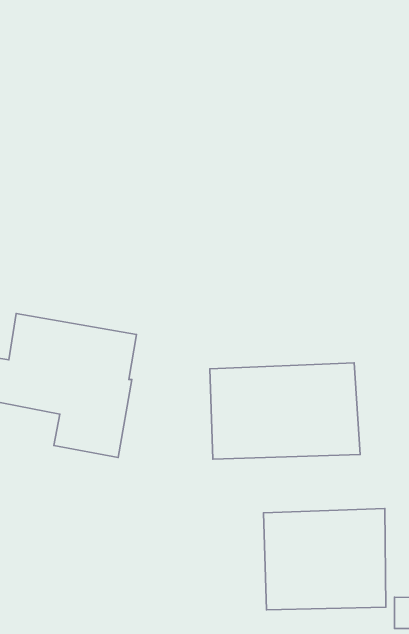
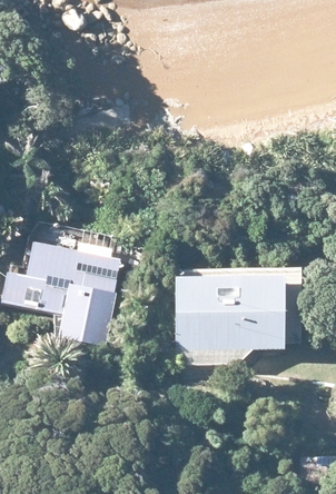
building: [263,508,386,610] -> none

